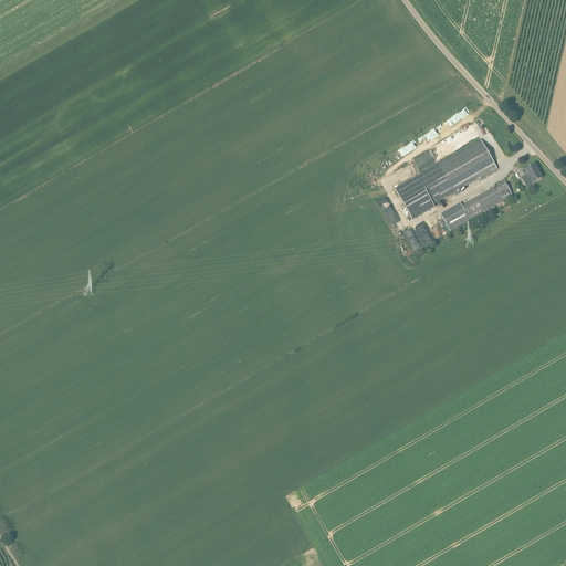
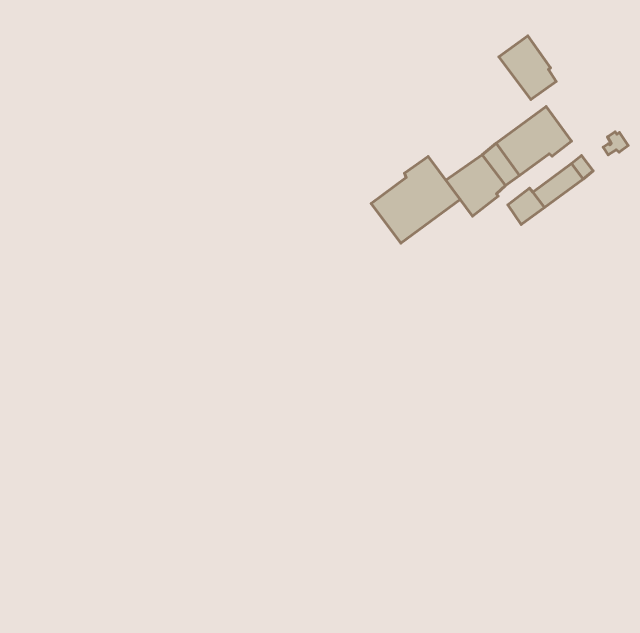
building: none -> [499,36,556,100]
building: none -> [371,157,460,243]

